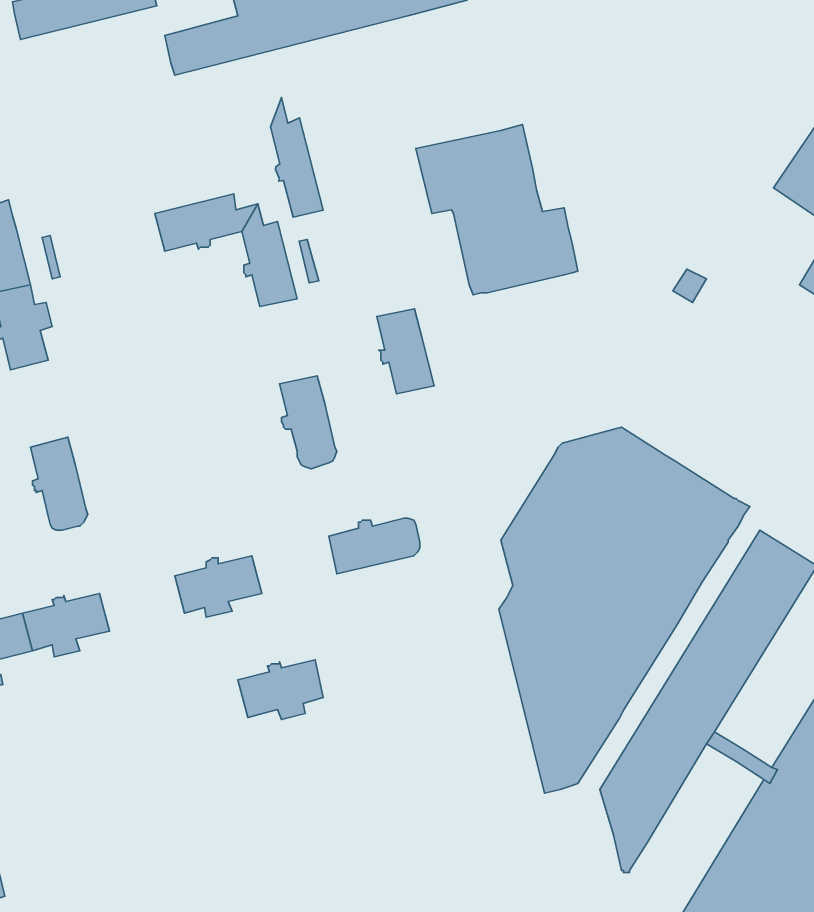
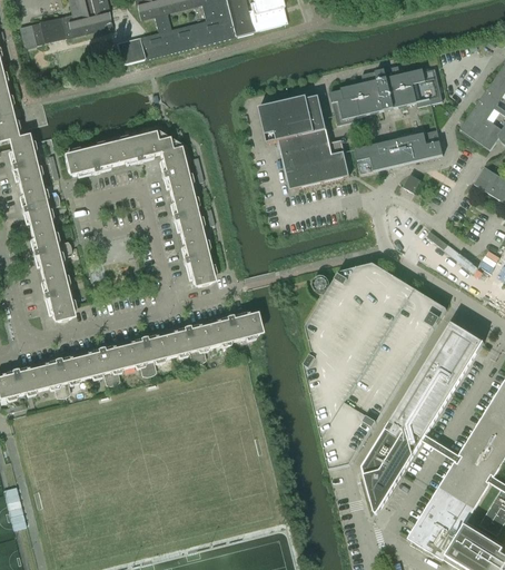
building: none -> [329,65,443,125]
building: [270,97,323,217] -> none
building: none -> [355,129,443,173]
building: none -> [65,142,117,174]
building: [377,309,434,394] -> [170,190,202,238]
building: none -> [30,225,66,274]
building: none -> [80,346,128,380]
building: [238,660,323,719] -> [166,324,214,357]

